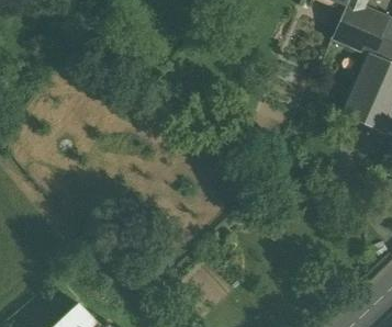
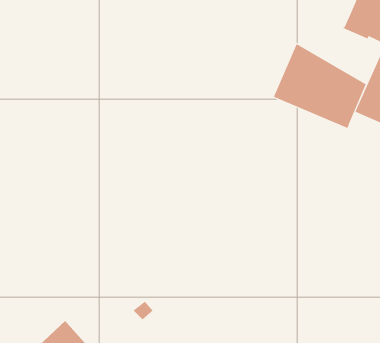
building: none -> [273,43,367,129]

